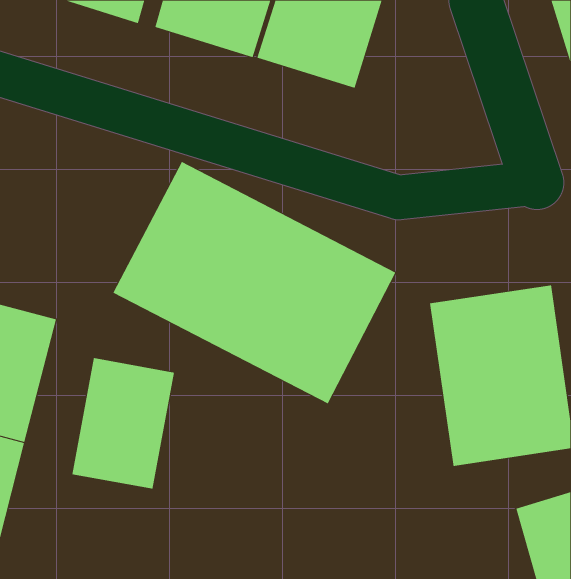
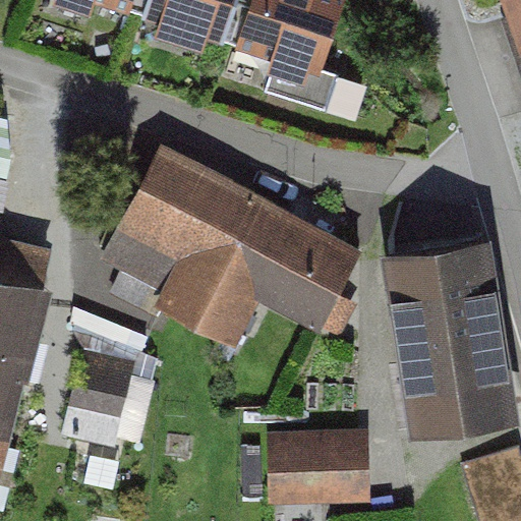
building: none -> [258,424,373,515]

